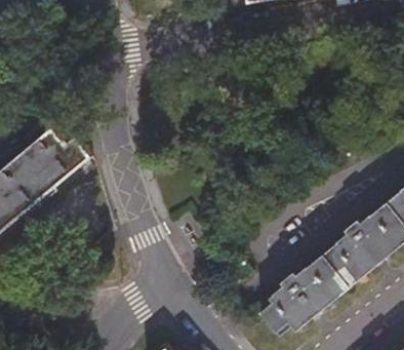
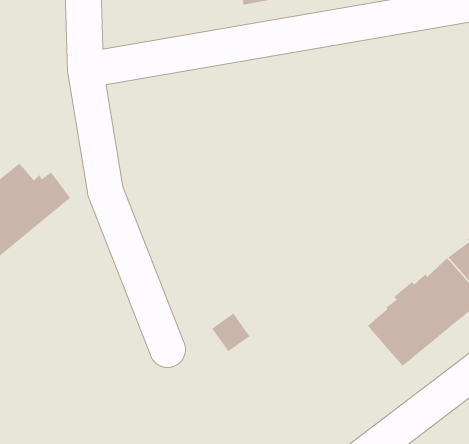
building: [259,256,349,332] -> none

